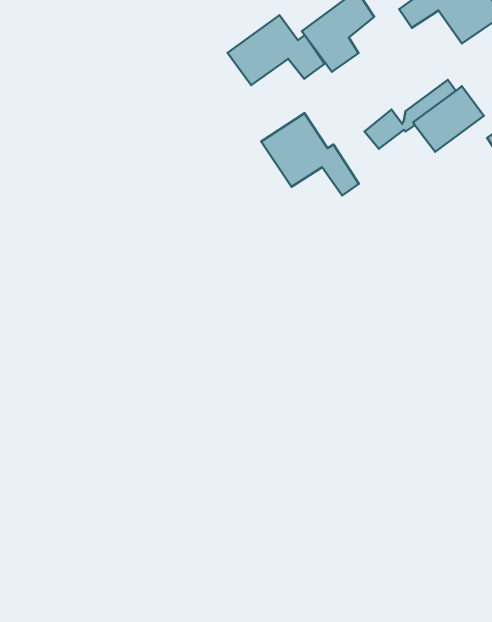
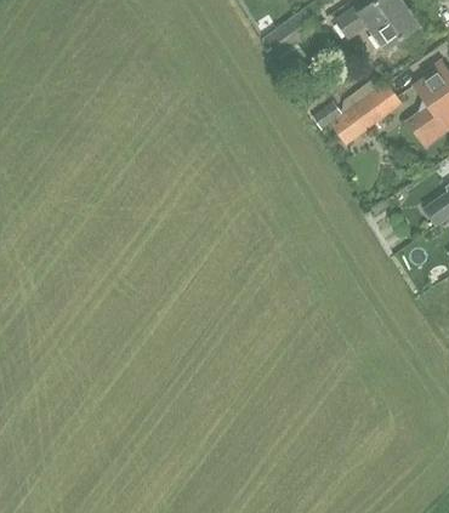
building: [228,15,324,85] -> none
building: [261,113,359,196] -> none

